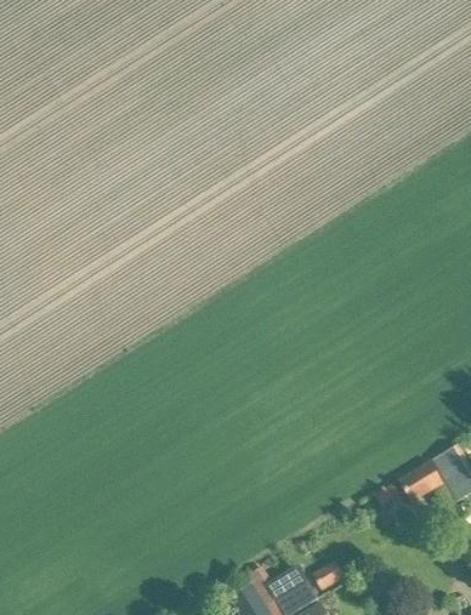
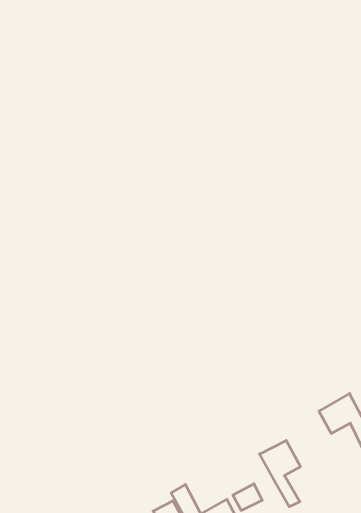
building: none -> [259,440,300,507]

